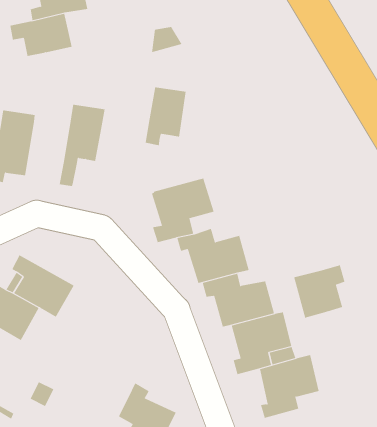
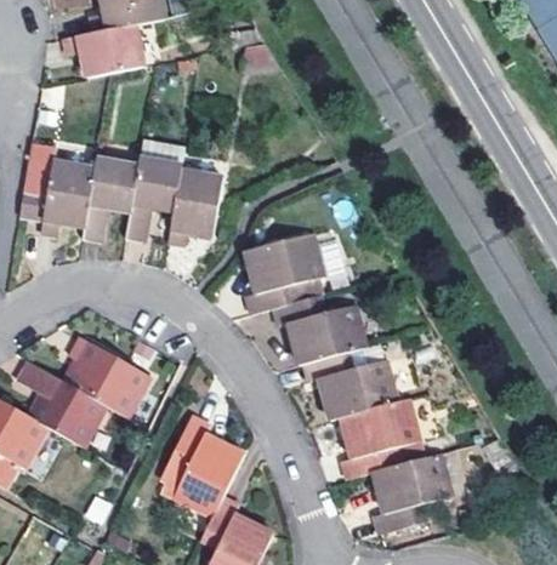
building: [145,87,187,146] -> [167,173,220,247]
building: none -> [83,164,138,246]
building: [294,264,345,319] -> none
building: none -> [161,412,241,508]

